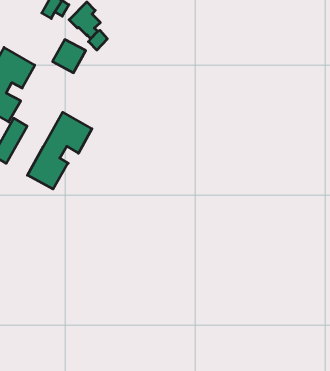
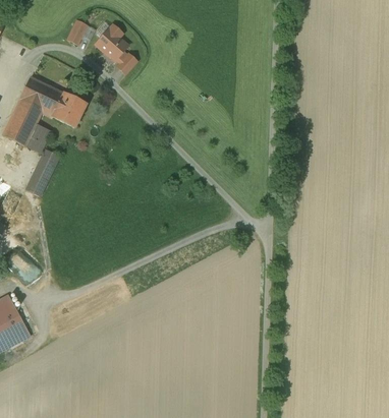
building: [53,40,86,73] -> [52,93,86,126]
building: [27,112,92,189] -> none

